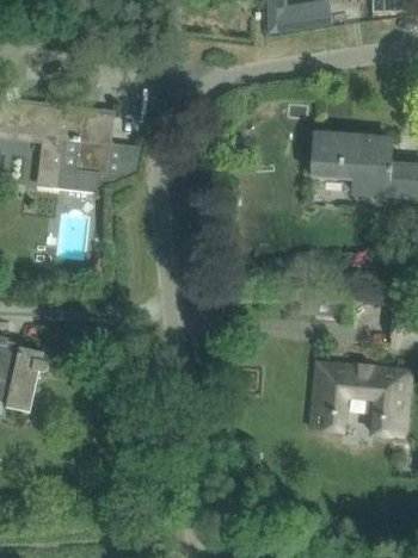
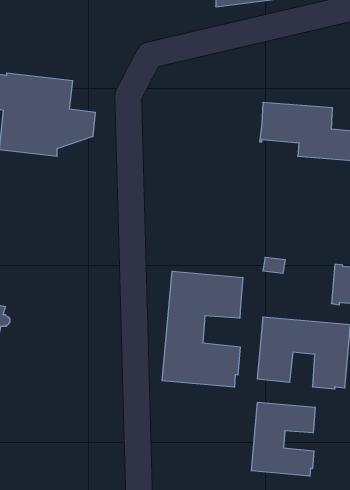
building: none -> [162,271,243,387]
building: none -> [251,402,315,476]

